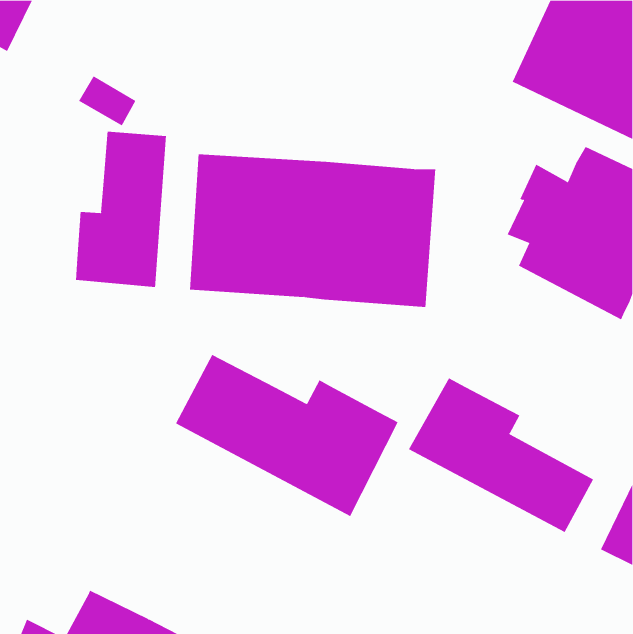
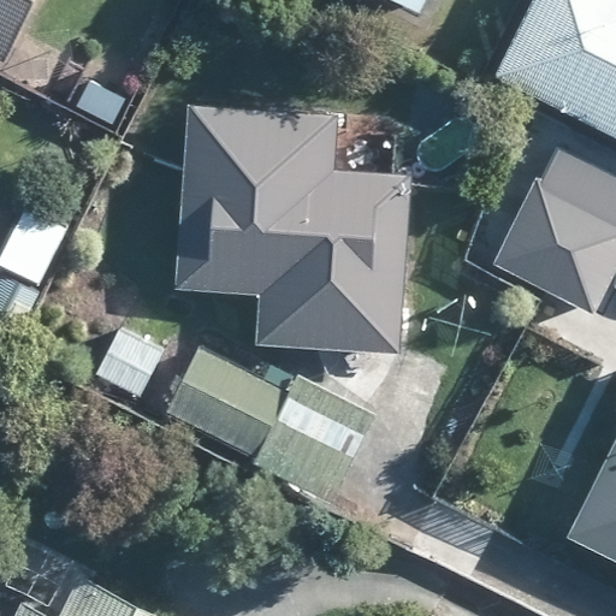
building: [75,131,167,288] -> none
building: [408,378,594,533] -> none

